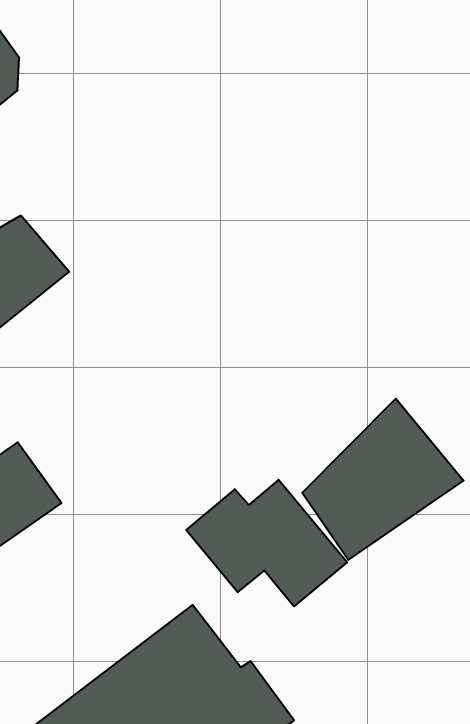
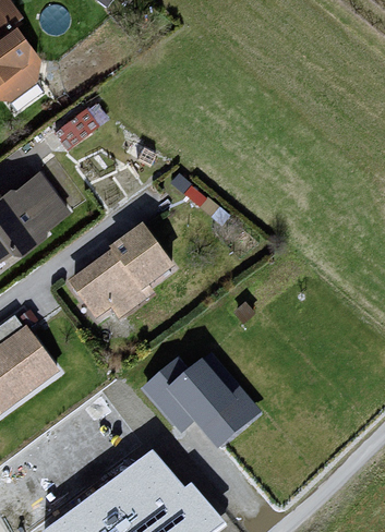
building: none -> [79,232,178,324]
building: [302,399,464,560] -> none

